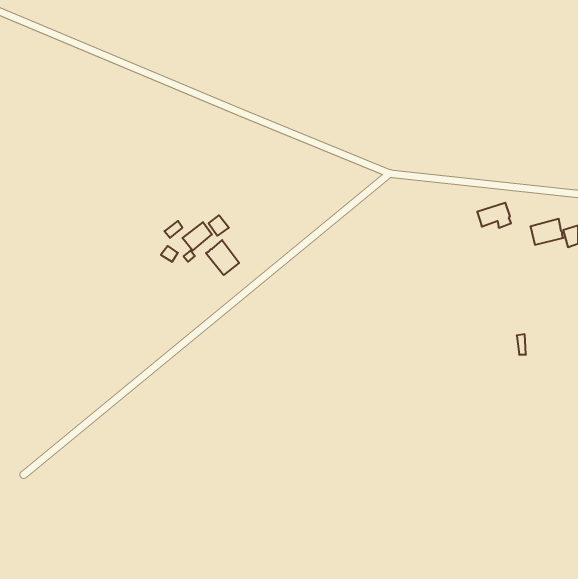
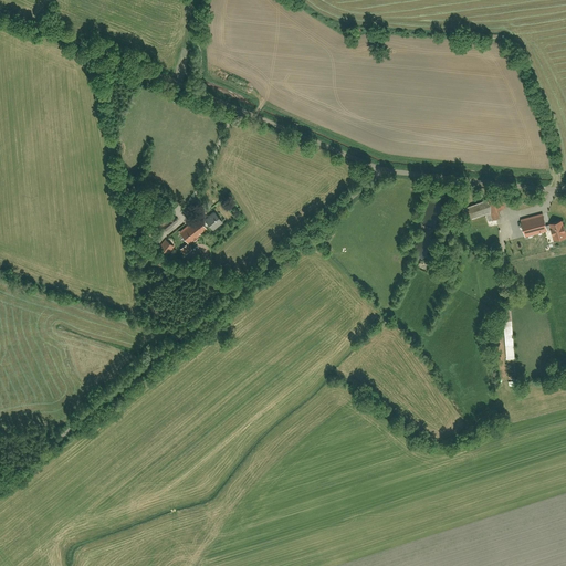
building: [206,240,239,275] -> none

